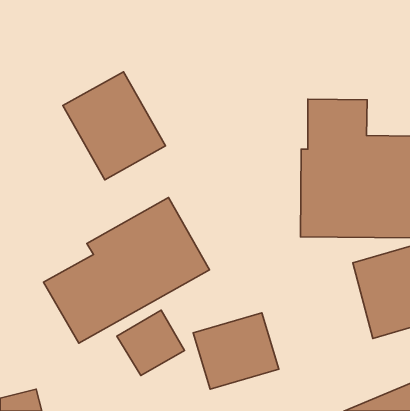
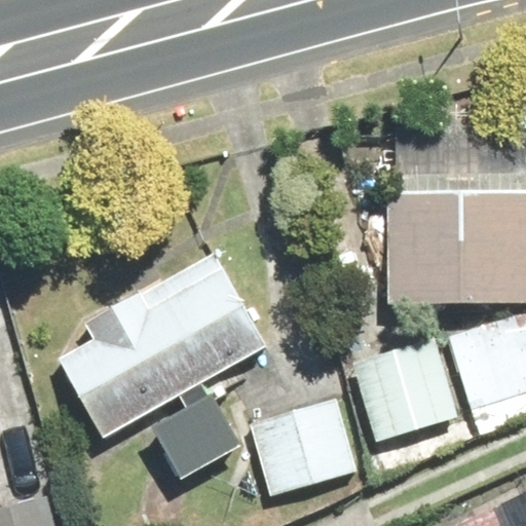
building: [63,72,165,180] -> none
building: none -> [352,337,458,444]

